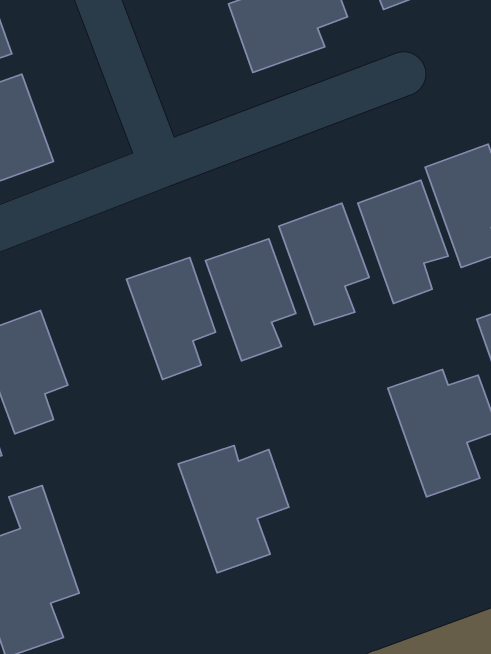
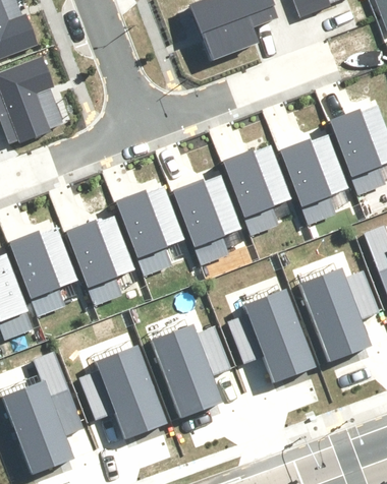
building: none -> [67,218,131,304]
building: none -> [227,289,311,378]
building: none -> [79,345,164,435]

